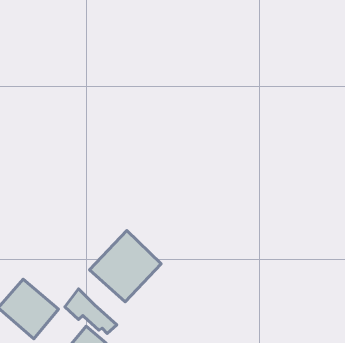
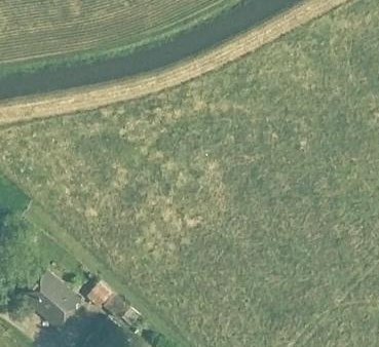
building: [90,230,161,302] -> none

